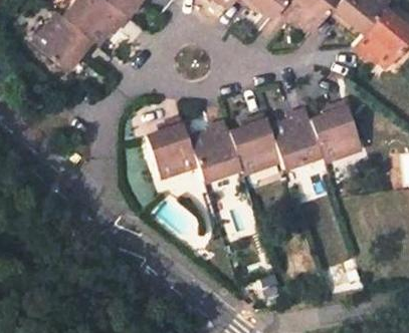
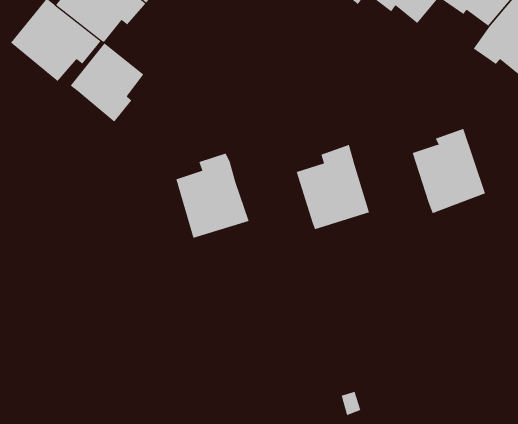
building: none -> [70,43,144,122]
building: [271,109,322,168] -> none
building: [189,121,241,180] -> none

